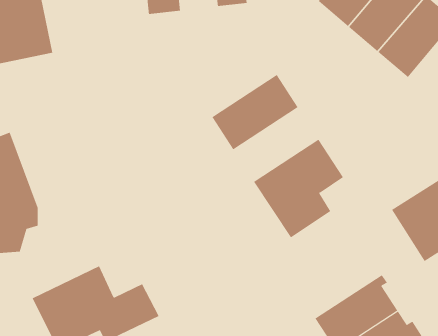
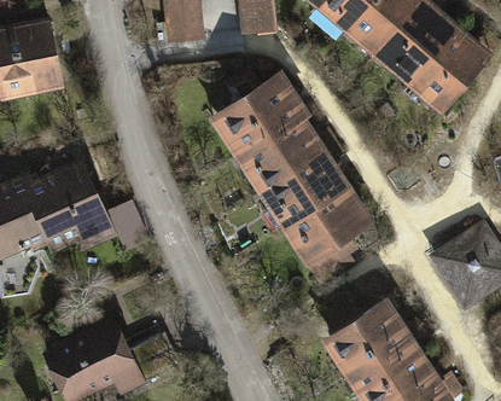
building: none -> [208,70,304,157]
building: none -> [257,146,349,232]
building: none -> [19,156,116,254]
building: none -> [321,294,416,372]

